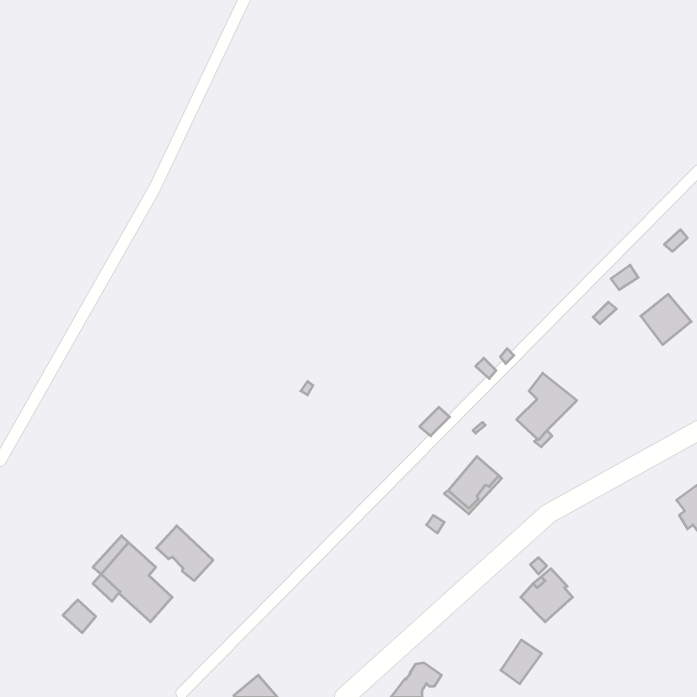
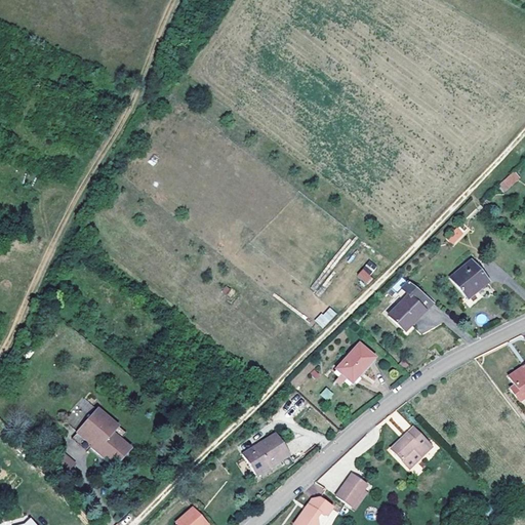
building: [641,294,691,345] -> [451,259,489,297]
building: [156,526,213,581] -> none
building: none -> [243,432,290,475]
building: [501,640,542,684] -> [337,473,368,506]

